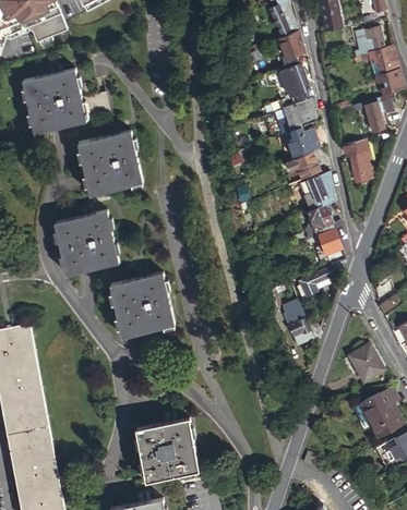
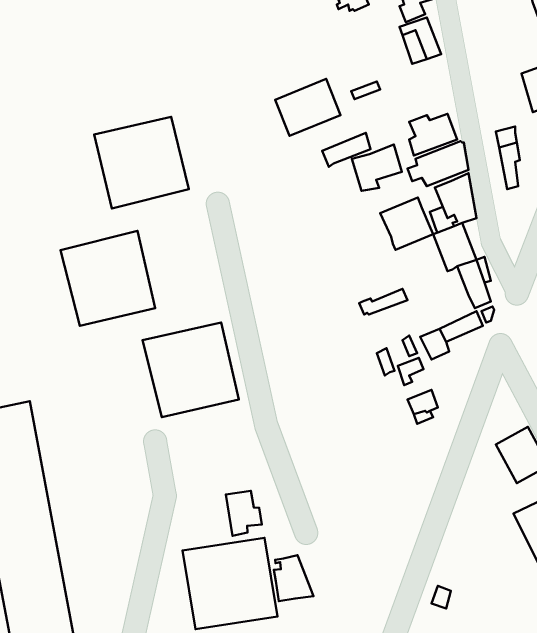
building: [23,60,110,130] -> none
building: [283,98,316,130] -> [352,144,402,191]
building: none -> [275,79,341,136]
building: none -> [380,197,433,250]
building: none -> [226,491,262,536]
building: none -> [274,555,314,601]

